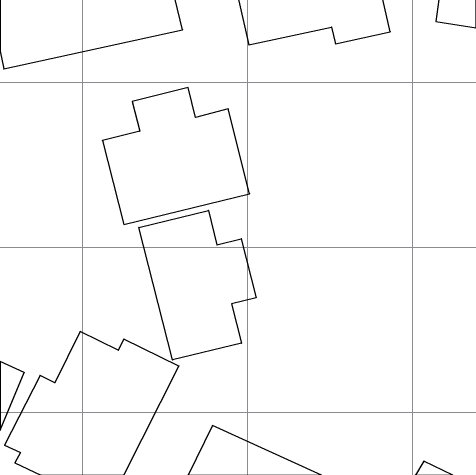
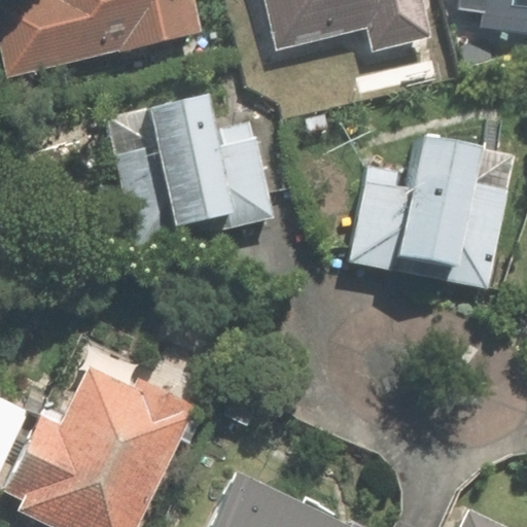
building: none -> [348,133,517,291]
building: [139,210,256,360] -> none

